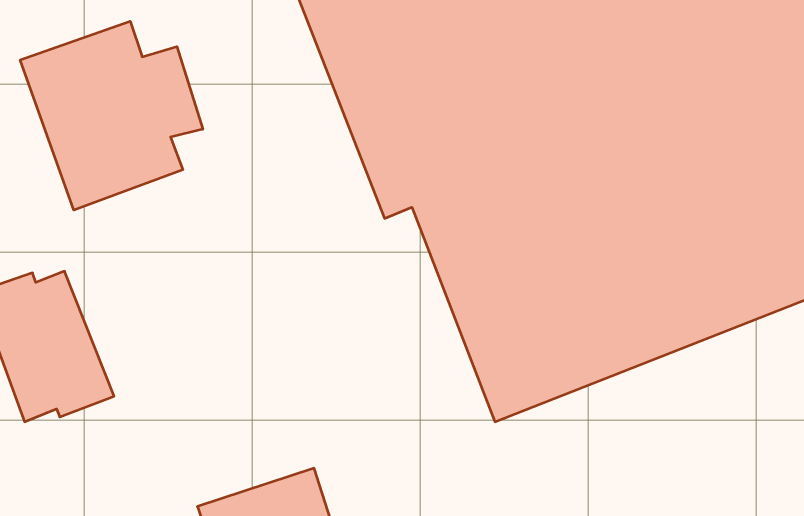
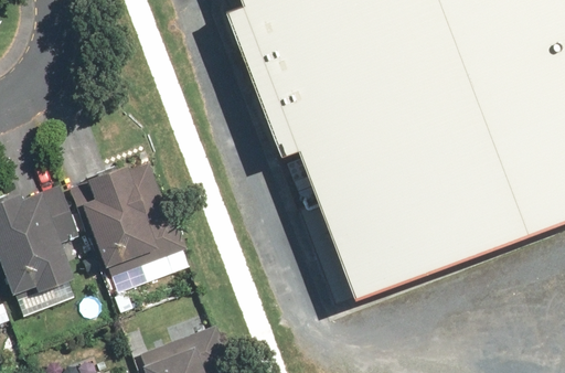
building: [20,21,203,210] -> none
building: none -> [87,160,189,277]

